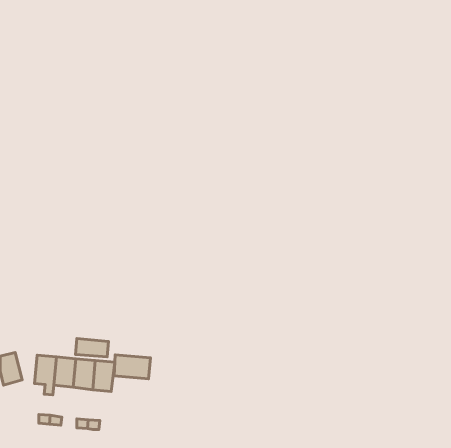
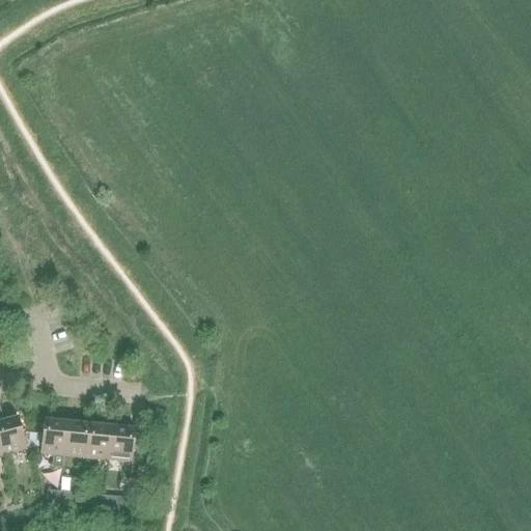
building: [75,339,109,357] -> none
building: [114,355,150,379] -> none

